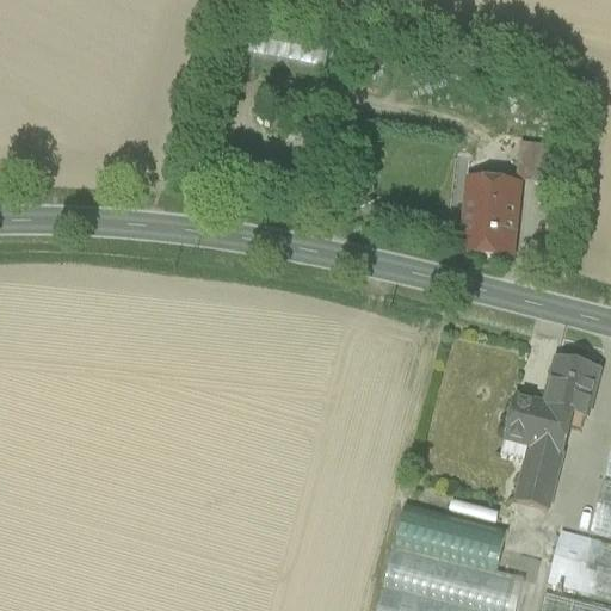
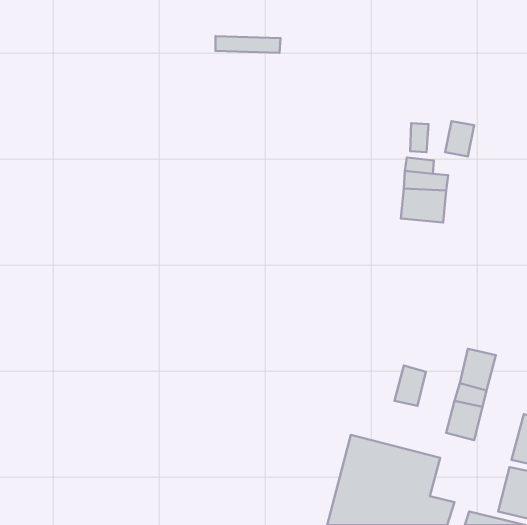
building: [549,357,600,414] -> none
building: [506,395,542,442] -> [395,366,426,406]
building: [545,530,590,590] -> none

